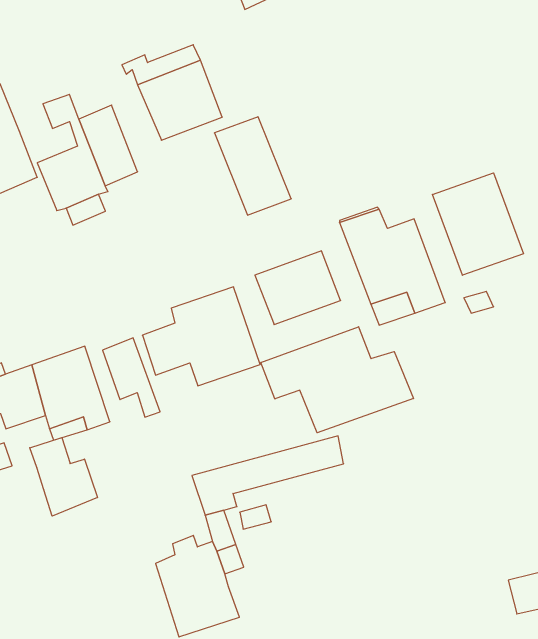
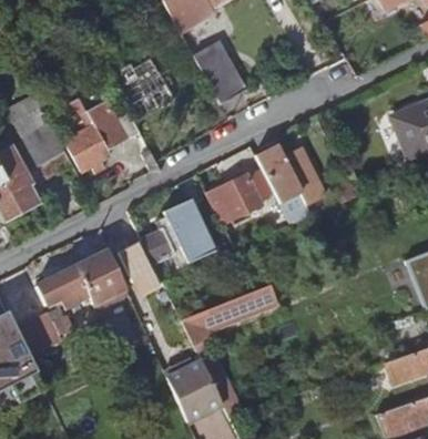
building: [214,117,291,215] -> [193,43,245,104]
building: [432,173,523,275] -> none
building: [261,327,413,433] -> none
building: [30,438,97,516] -> none

